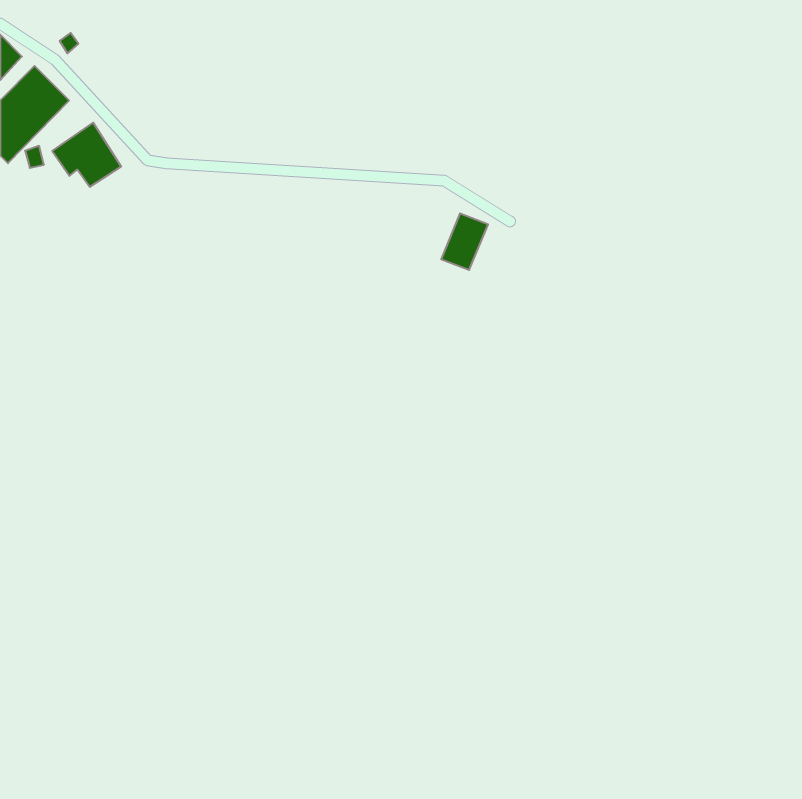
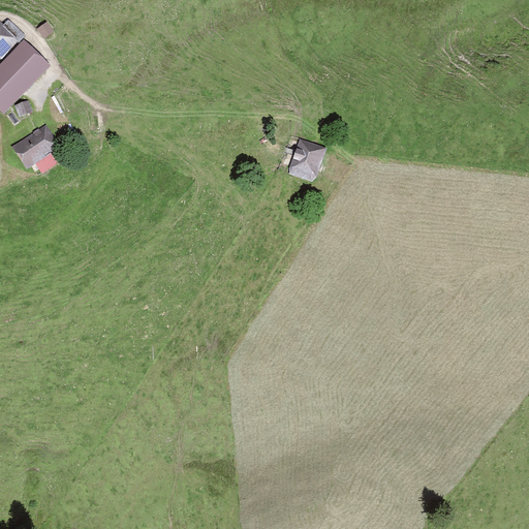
building: [52,123,121,187] -> [18,126,63,168]

